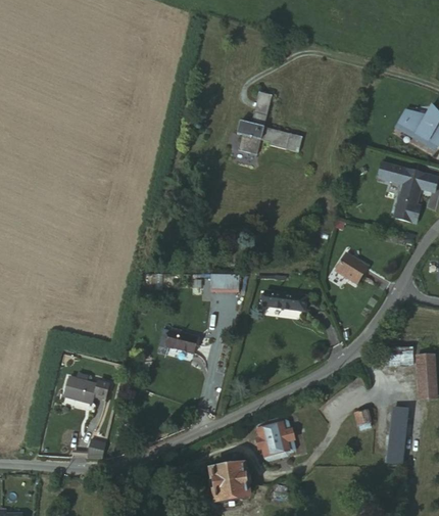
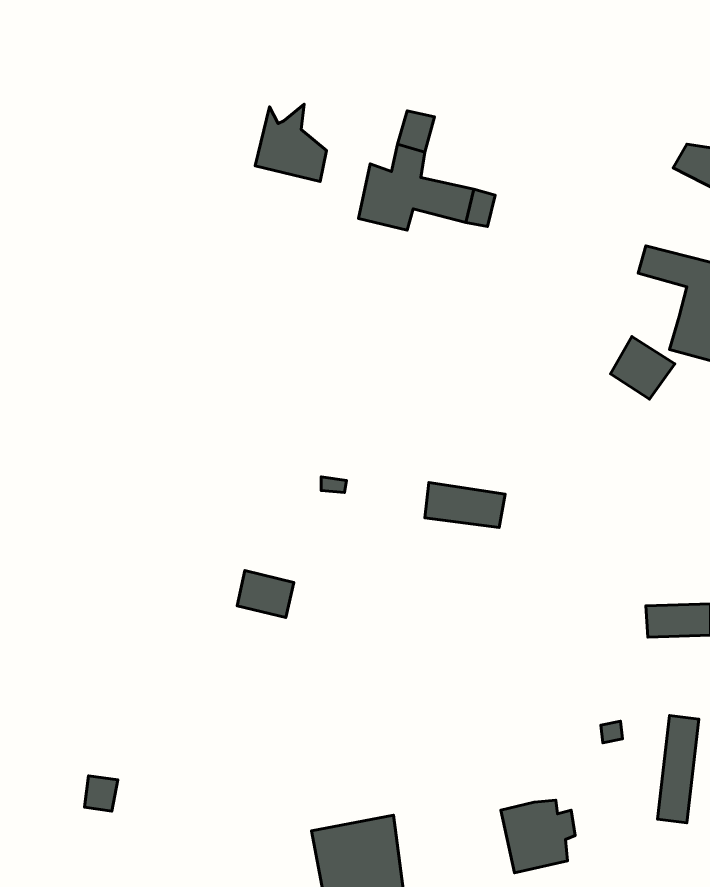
building: none -> [255,104,326,181]
building: [335,254,369,287] -> [610,337,675,399]
building: [64,374,111,405] -> none
building: [257,422,296,460] -> [501,800,575,873]

